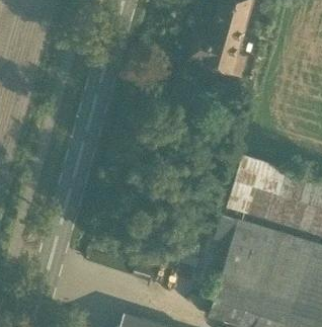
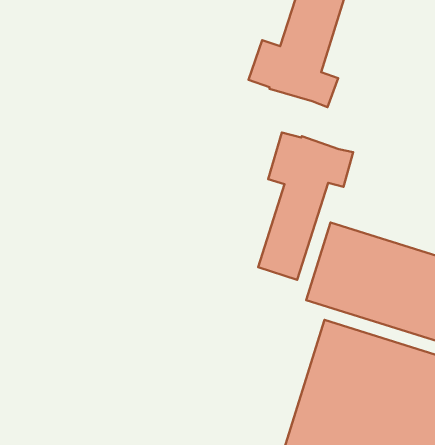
building: none -> [258,133,353,280]

